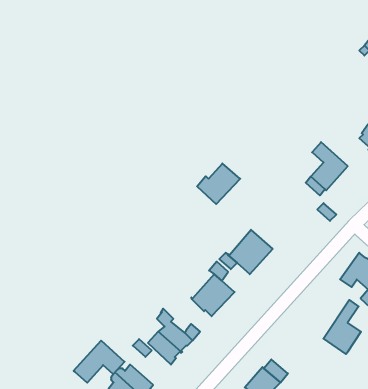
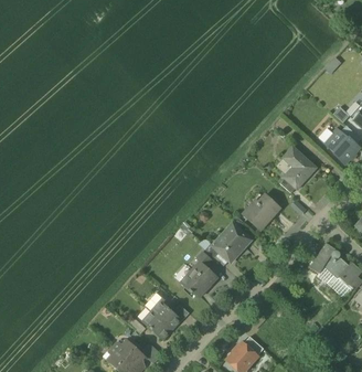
building: [197,163,240,204] -> [243,194,280,230]
building: [323,300,361,354] -> none
building: [74,341,125,383] -> none

